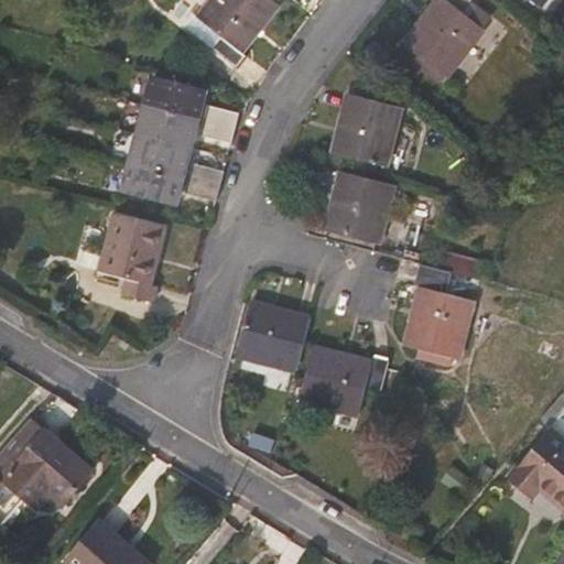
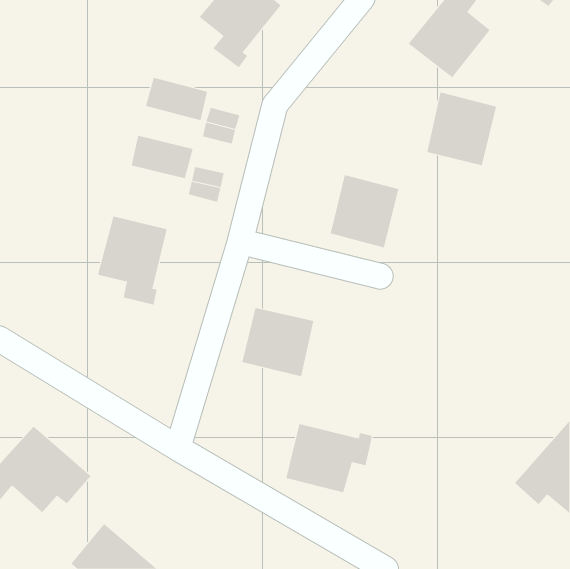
building: [333,94,402,166] -> [427,92,497,166]
building: [135,105,198,147] -> none
building: [121,163,183,205] -> none
building: [405,264,474,359] -> none
building: [301,347,387,415] -> [286,423,373,493]

